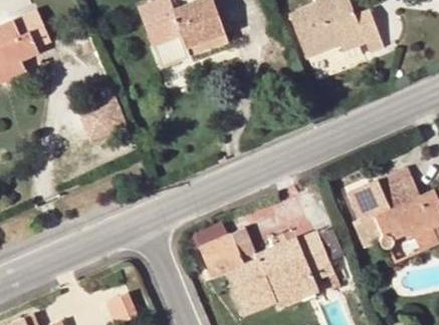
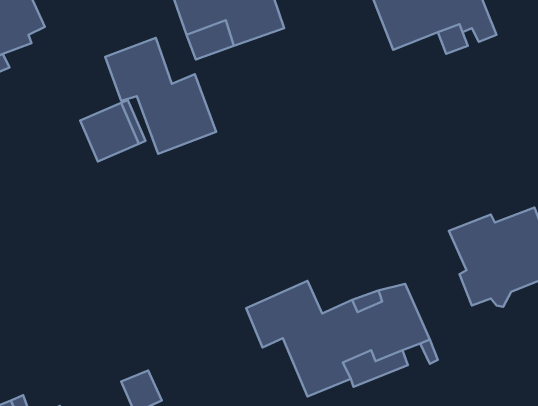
building: none -> [105,38,216,154]

